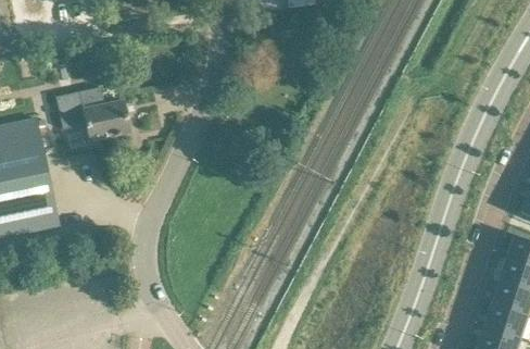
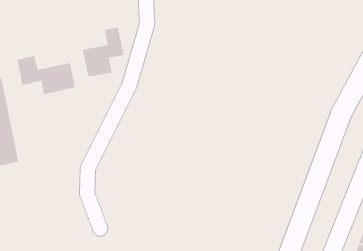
building: none -> [82,27,125,77]

